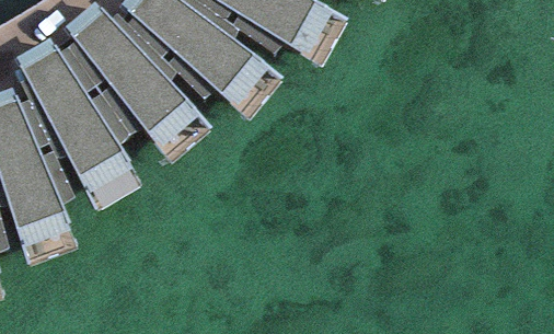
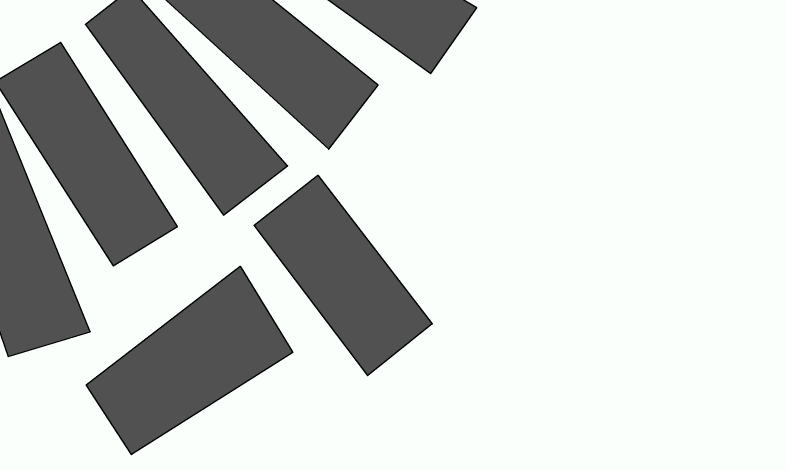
building: none -> [254,175,432,376]
building: none -> [86,266,293,455]

